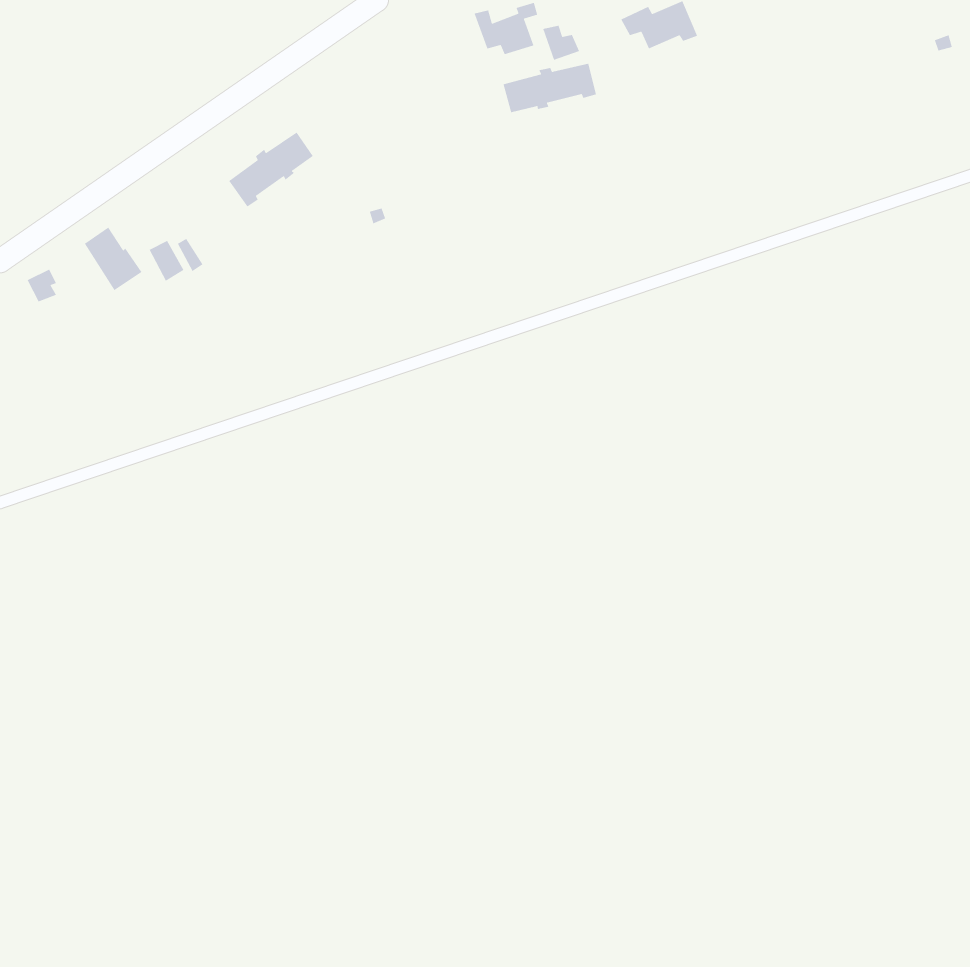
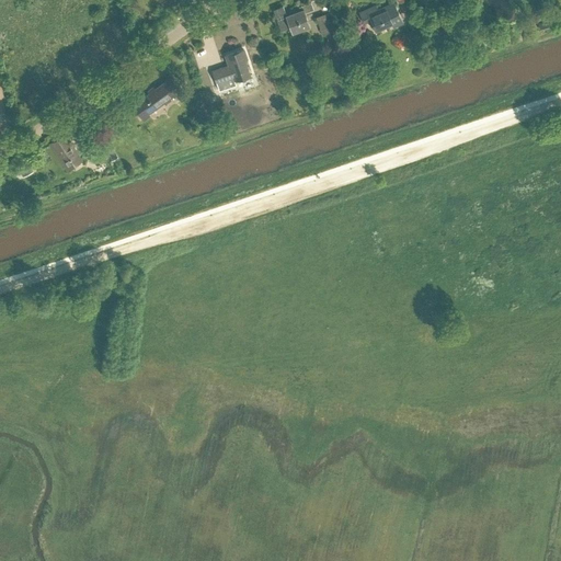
building: [503,63,597,113] -> none
building: none -> [211,50,250,84]

